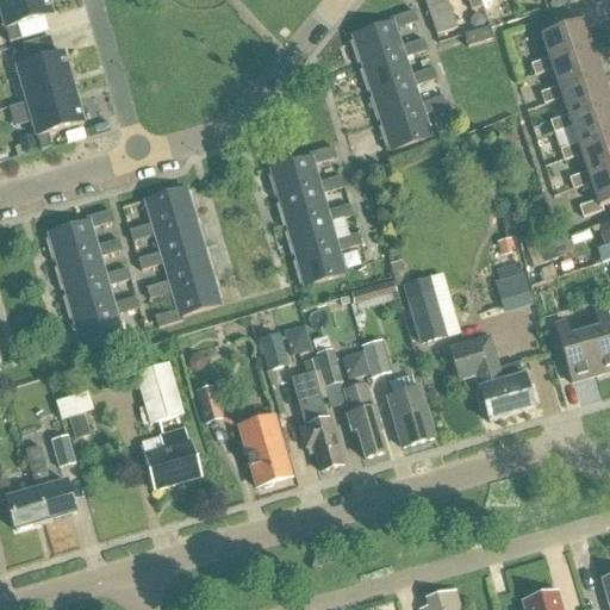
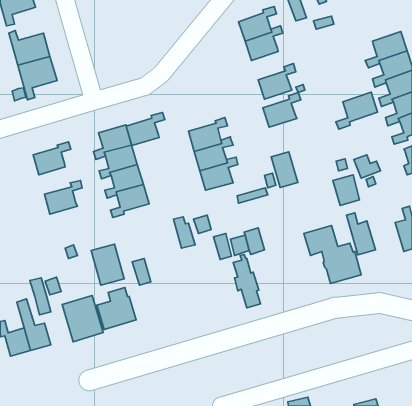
building: [530,17,592,71] -> [336,92,378,129]
building: [372,67,428,118] -> [263,93,301,127]
building: [270,145,328,194] -> [126,112,165,145]
building: [57,238,113,287] -> none
building: [407,288,447,341] -> [271,152,298,187]
building: [74,295,130,347] -> none
building: [554,317,597,379] -> [347,213,376,255]
building: [292,368,341,468] -> none
building: [387,384,434,444] -> none
building: [239,415,290,485] -> none
building: none -> [62,295,103,342]

